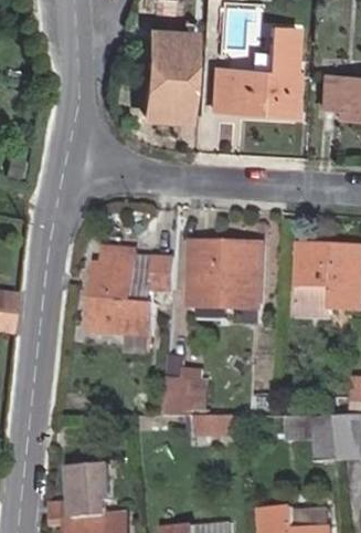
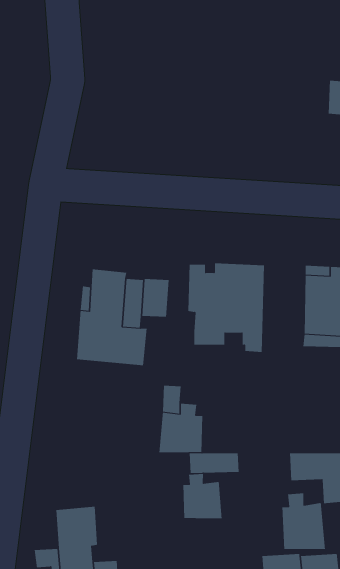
building: [211,27,296,113] -> none
building: [142,31,189,118] -> none
building: none -> [183,473,222,519]
building: none -> [282,493,326,550]

